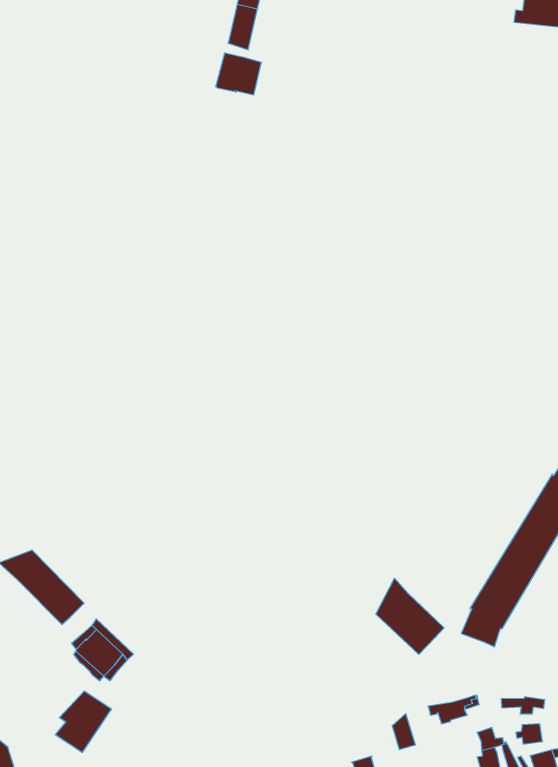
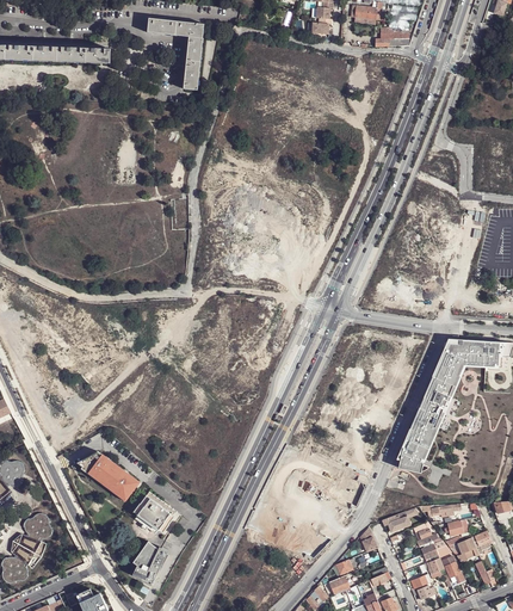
building: [216,53,261,95] -> none
building: [376,578,444,654] -> none

